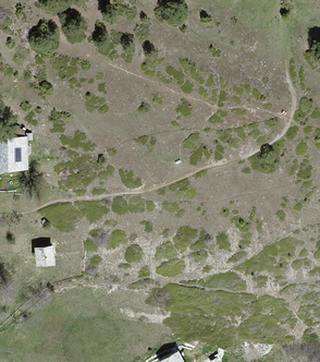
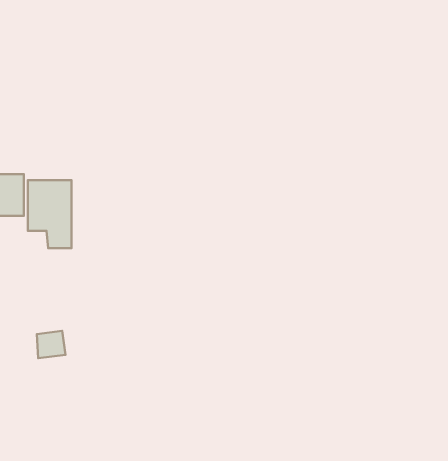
building: none -> [28,180,72,248]

